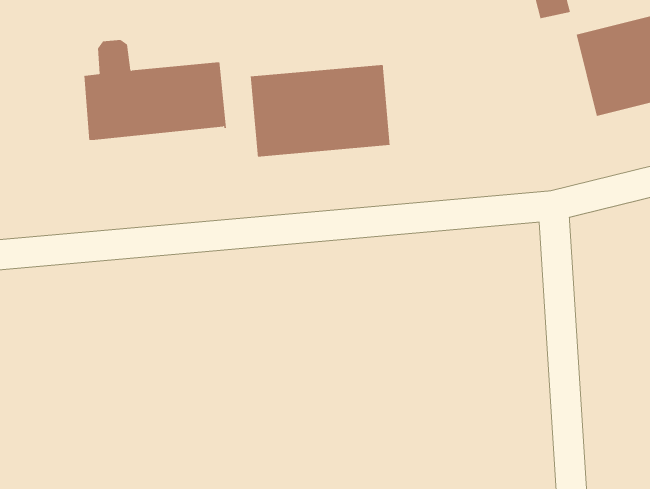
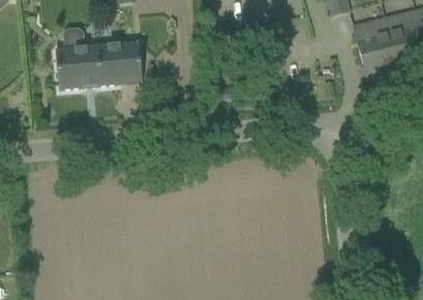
building: [250,64,390,157] -> none

